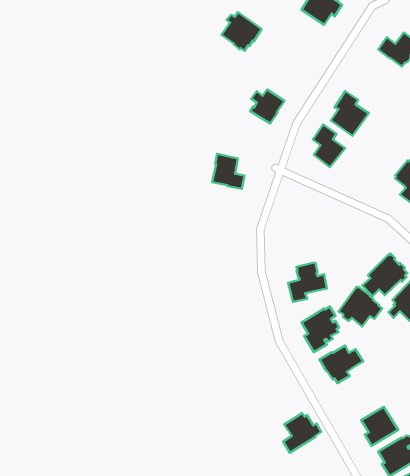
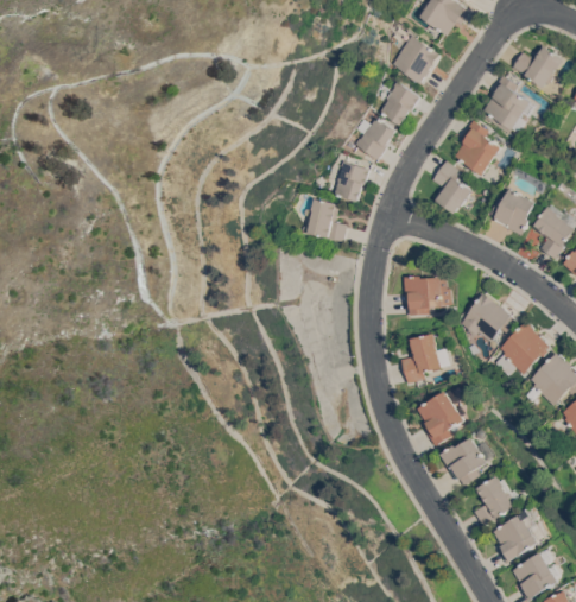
building: [222,12,261,51] -> [391,34,441,83]
building: none -> [483,74,537,135]
building: none -> [379,81,419,125]
building: none -> [334,159,369,201]
building: none -> [492,188,538,235]
building: none -> [404,275,452,315]
building: [339,287,382,327] -> [461,292,515,342]
building: [283,413,321,453] -> [474,476,521,526]

